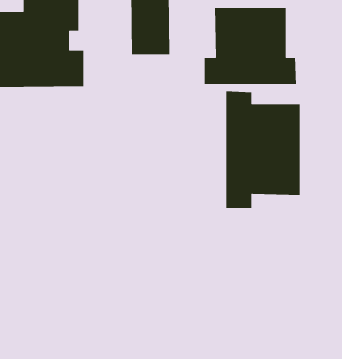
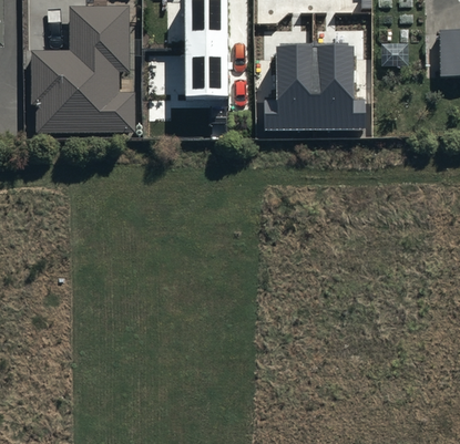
building: [226,91,300,209] -> none

